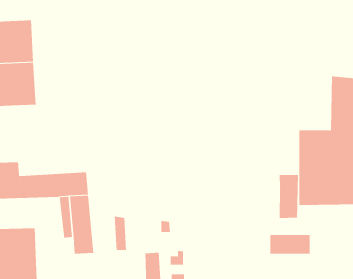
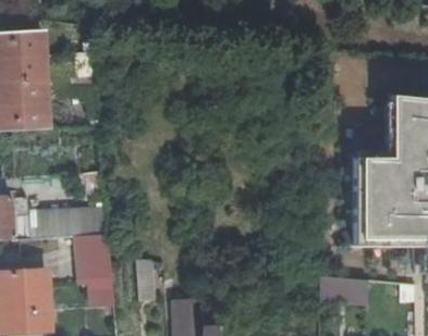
building: [279,174,298,219] -> none

